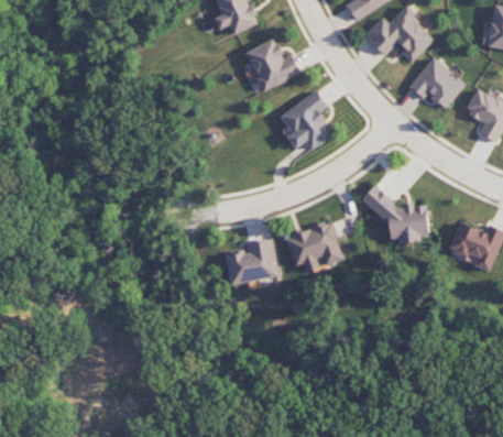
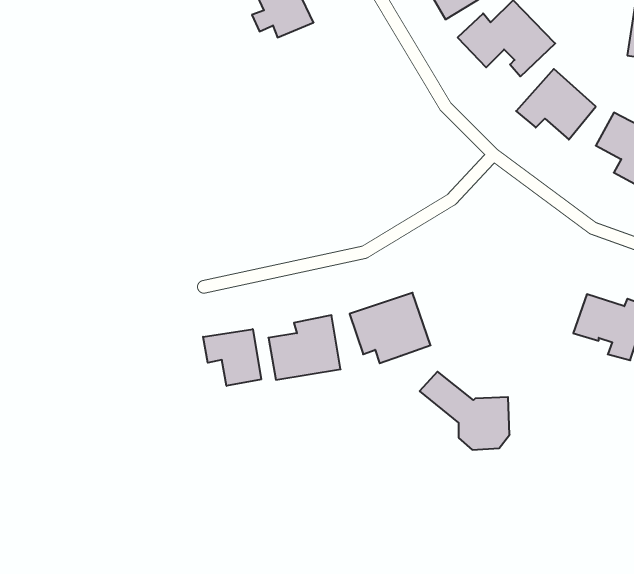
building: [245,39,299,90] -> none
building: [278,90,332,150] -> none
building: [360,186,426,243] -> [420,372,510,450]
building: none -> [203,329,261,386]

